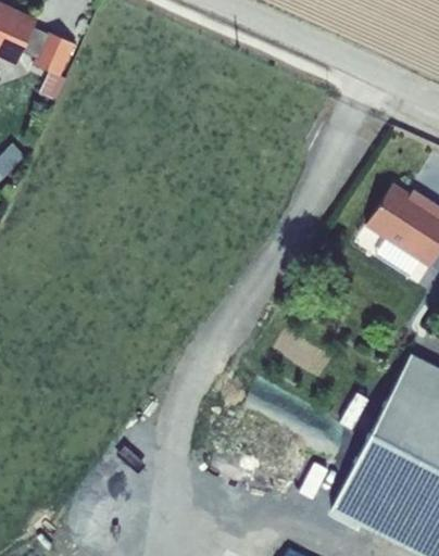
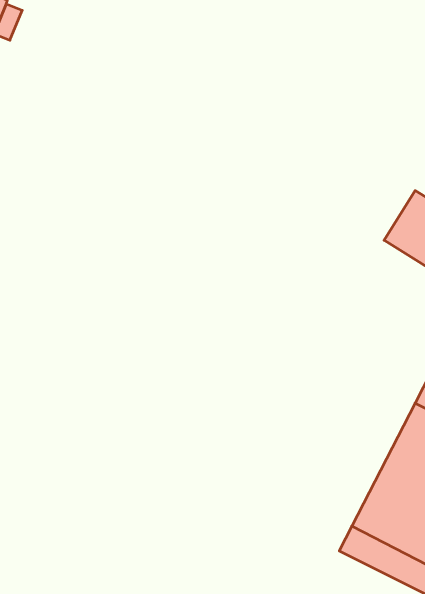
building: [42,30,84,74] -> none

